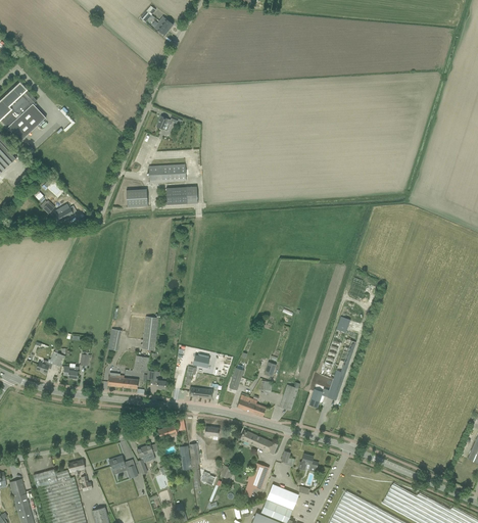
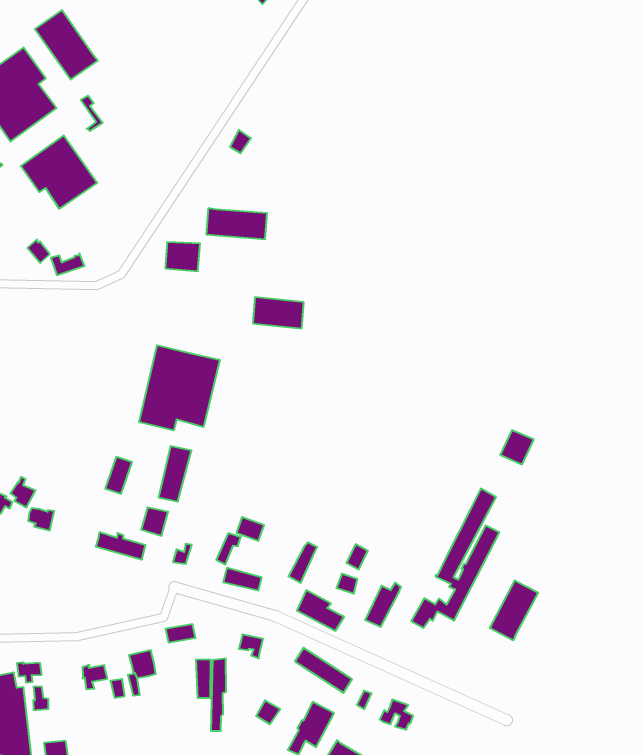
building: none -> [35,10,98,80]
building: none -> [21,135,97,209]
building: [165,186,197,203] -> [253,297,304,328]
building: none -> [139,345,220,430]
building: none -> [490,580,538,640]

